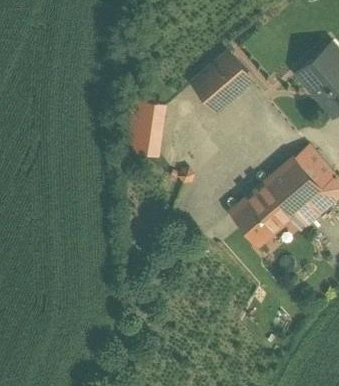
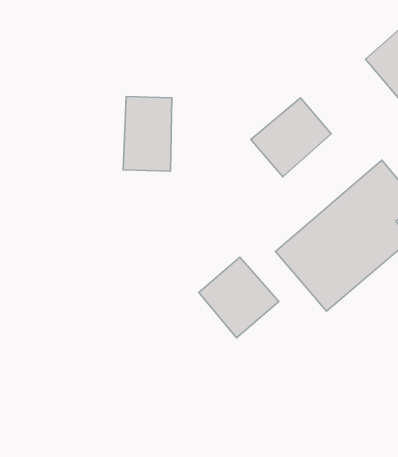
building: [193,53,251,110] -> [251,98,331,177]
building: none -> [199,257,279,338]

